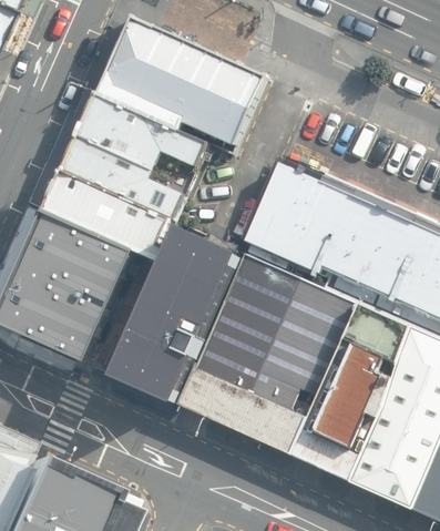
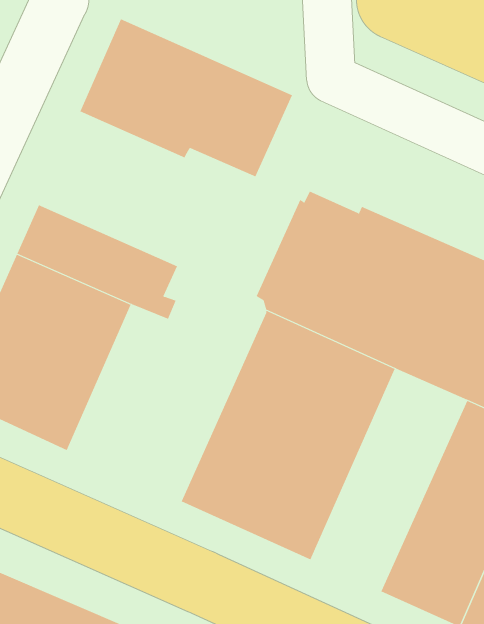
building: [62,91,211,216] -> none
building: [114,225,246,407] -> none
building: [283,299,409,480] -> none

